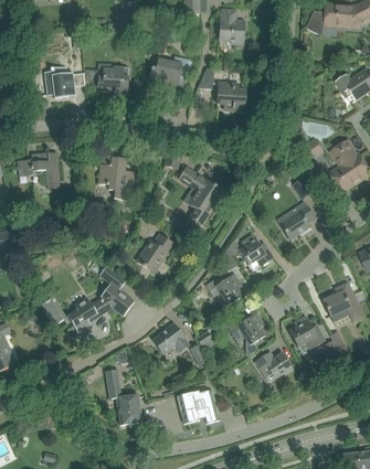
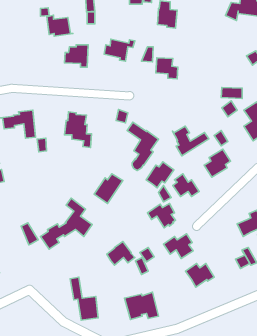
building: [44,70,78,97] -> [47,15,73,36]
building: none -> [173,126,209,156]
building: none -> [146,162,174,188]
building: [288,316,325,347] -> none

